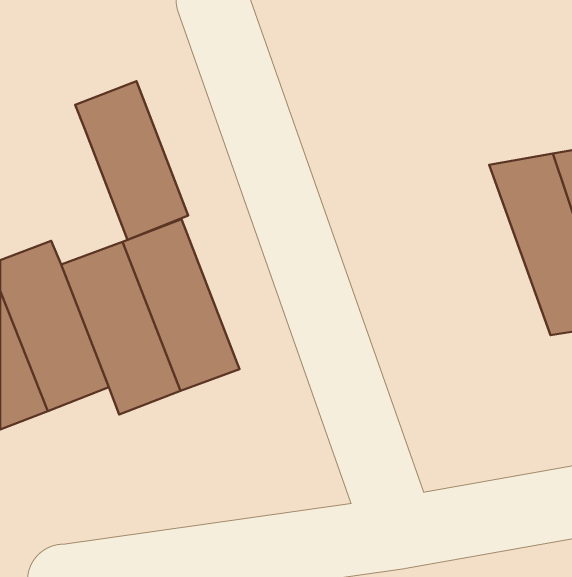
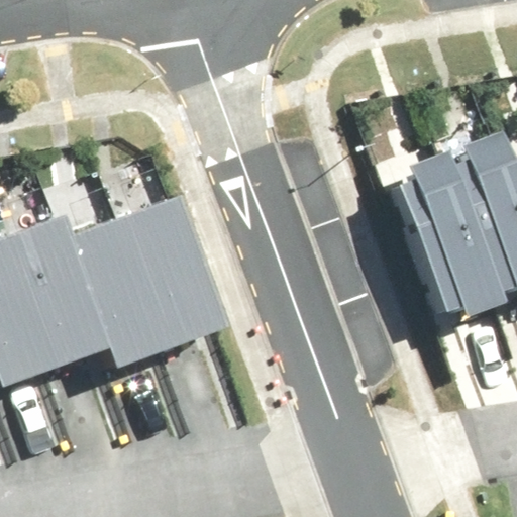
building: [75,81,188,240] -> none
building: none -> [387,149,497,310]

